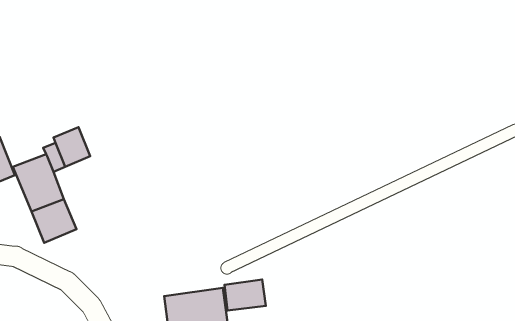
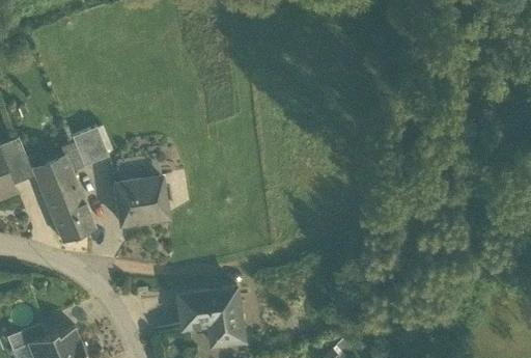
building: none -> [115,176,168,224]
building: [224,280,266,311] -> none

